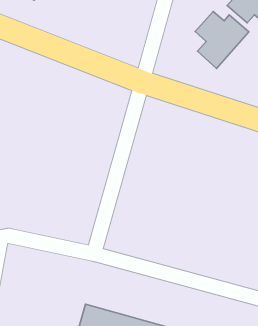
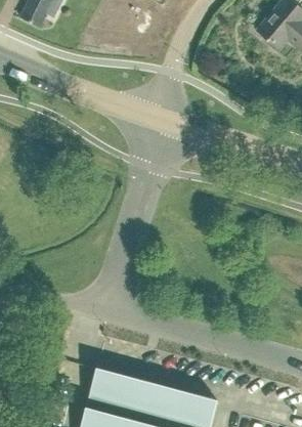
building: [195,12,249,68] -> none

